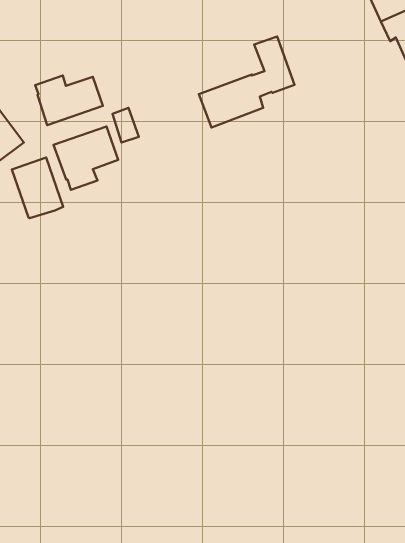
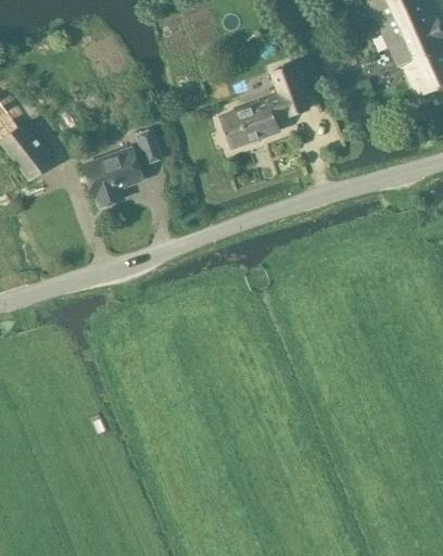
building: [35,76,103,125] -> none
building: [12,157,63,218] -> none

